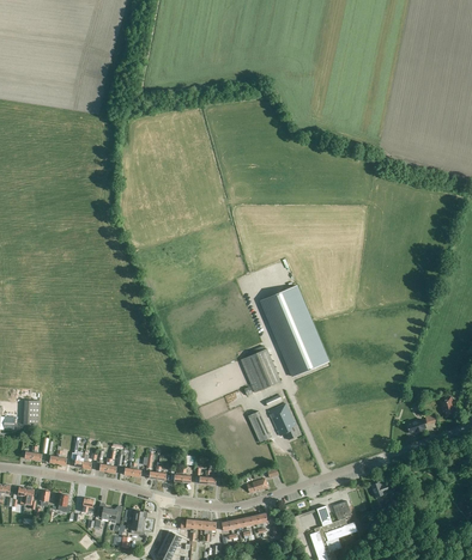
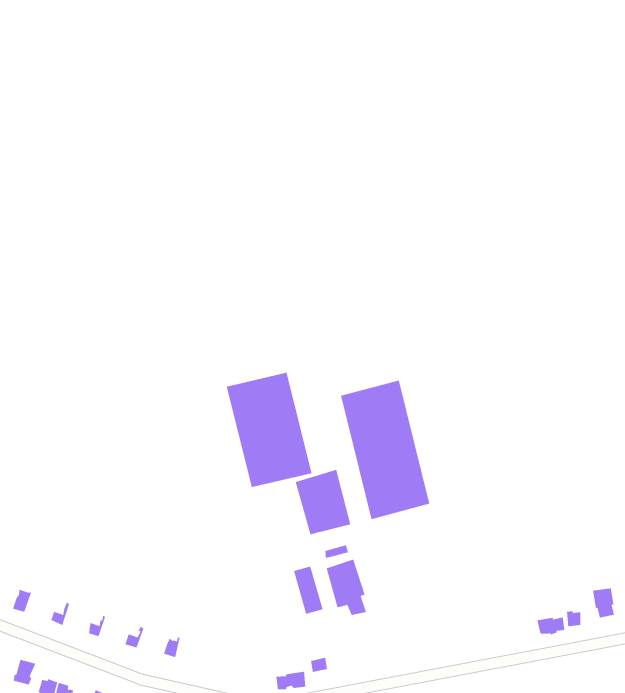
building: none -> [226,372,312,488]

